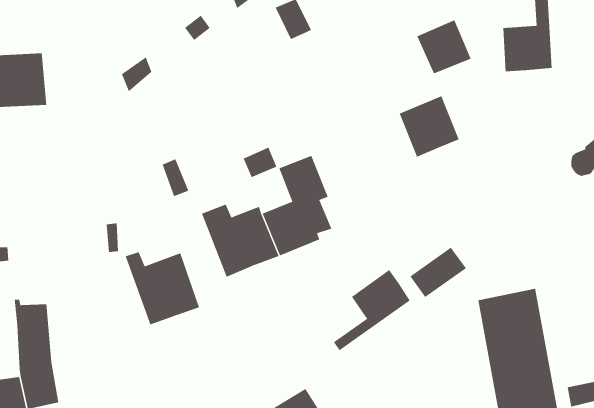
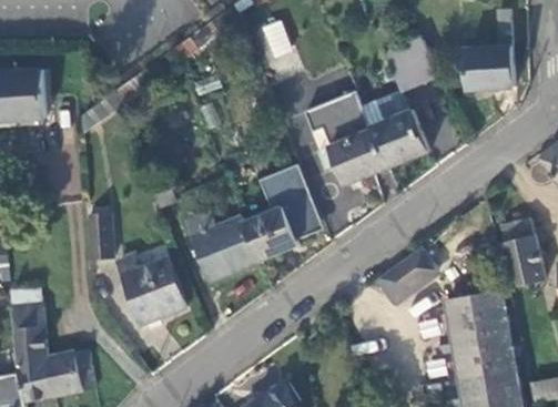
building: none -> [307,89,388,184]
building: none -> [501,216,542,286]
building: [333,269,411,351] -> none
building: none -> [49,349,95,396]

